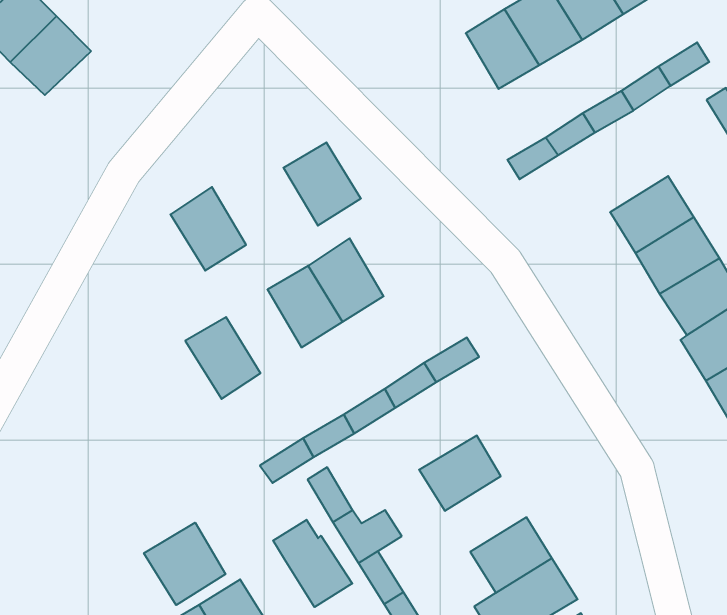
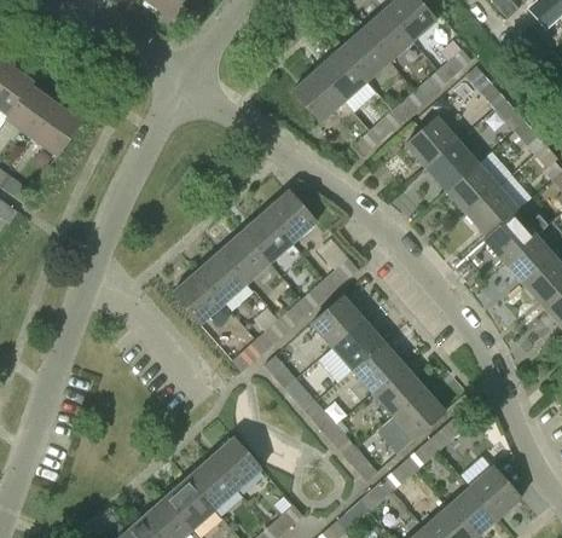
building: none -> [291,69,342,121]
building: none -> [405,114,458,166]
building: [283,142,361,226] -> [265,190,317,243]
building: [170,187,246,271] -> [196,251,247,305]
building: none -> [312,295,366,348]
building: none -> [354,343,406,394]
building: [273,520,352,607] -> none
building: [144,523,225,605] -> none

